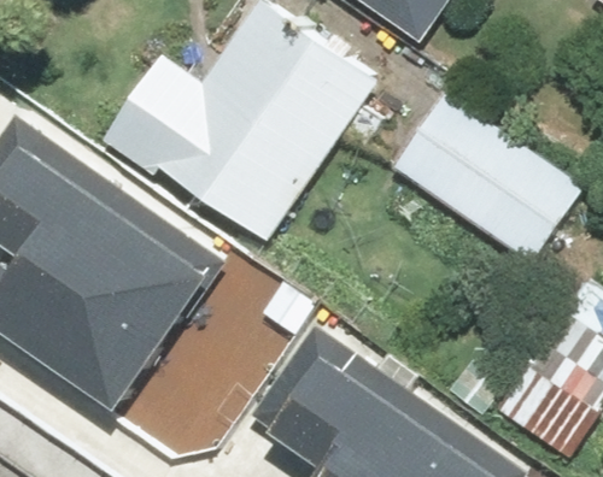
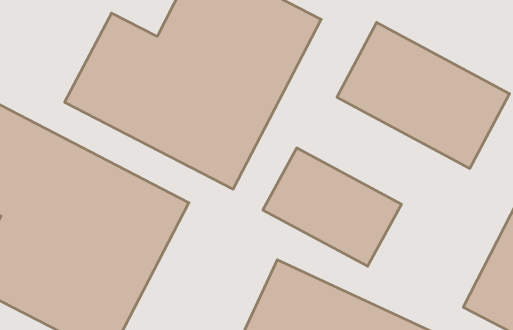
building: none -> [263,148,401,266]

